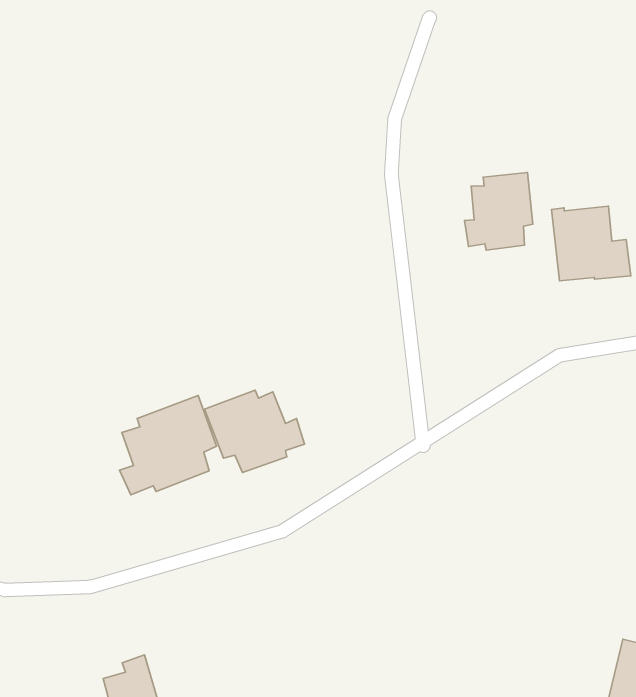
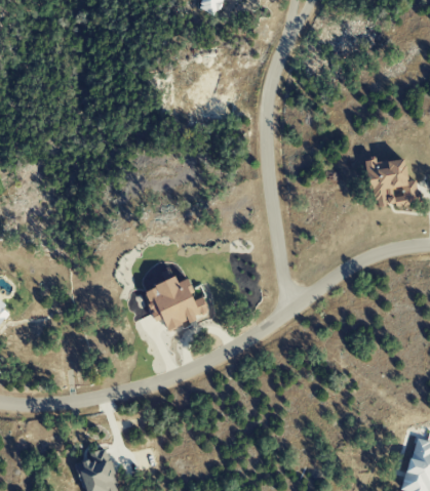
building: [464,172,533,250] -> none
building: [120,396,216,495] -> none

